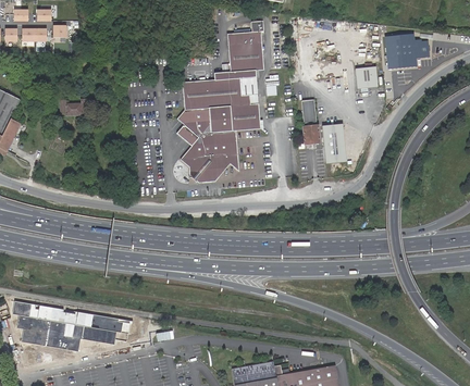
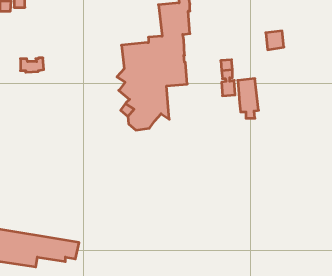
building: [384,33,428,69] -> none

